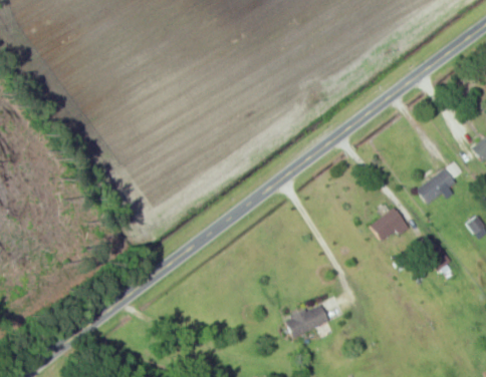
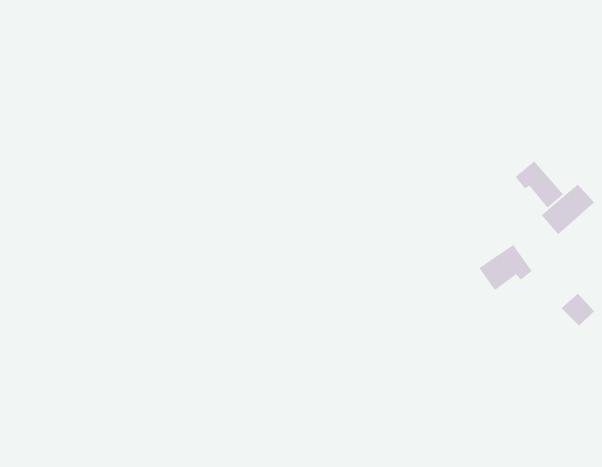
building: none -> [515,160,564,208]
building: [284,302,328,338] -> none

